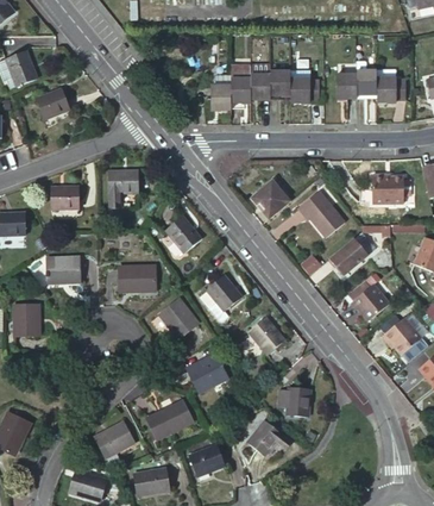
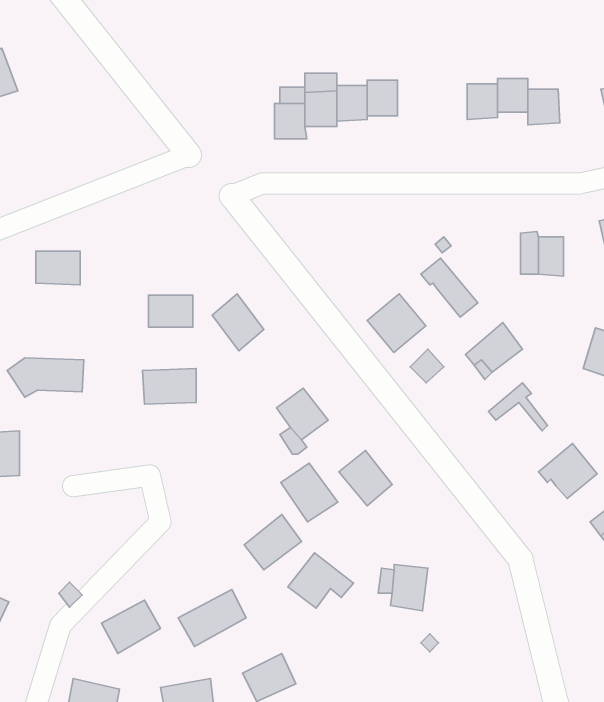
building: [290,77,320,102] -> none
building: [37,93,71,123] -> none
building: [107,168,137,189] -> [148,295,193,327]
building: [257,174,296,213] -> [367,294,426,353]
building: [353,287,386,319] -> none
building: [159,298,197,337] -> [281,463,338,522]
building: [246,426,290,463] -> [288,553,354,608]

